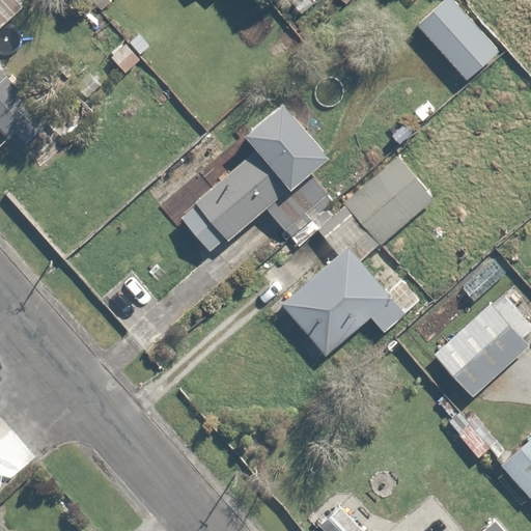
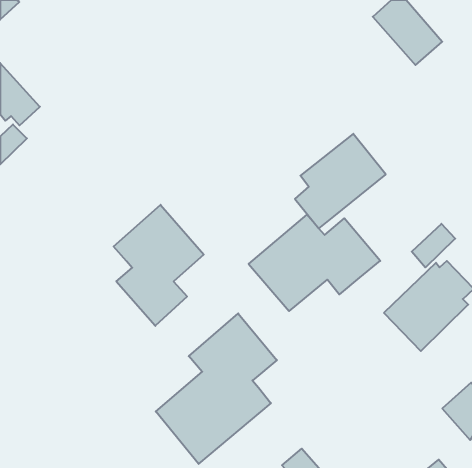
building: [179,100,330,254] -> none
building: none -> [114,205,204,326]
building: none -> [156,313,277,464]

